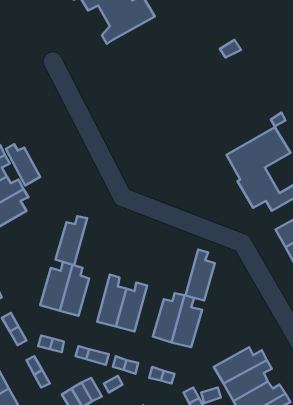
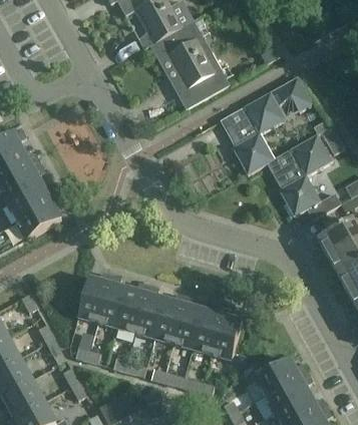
building: none -> [150,21,230,109]
building: none -> [220,77,312,174]
building: [6,144,40,186] -> none
building: [56,216,87,265] -> [115,283,147,333]
building: [185,249,215,300] -> [172,296,203,348]

